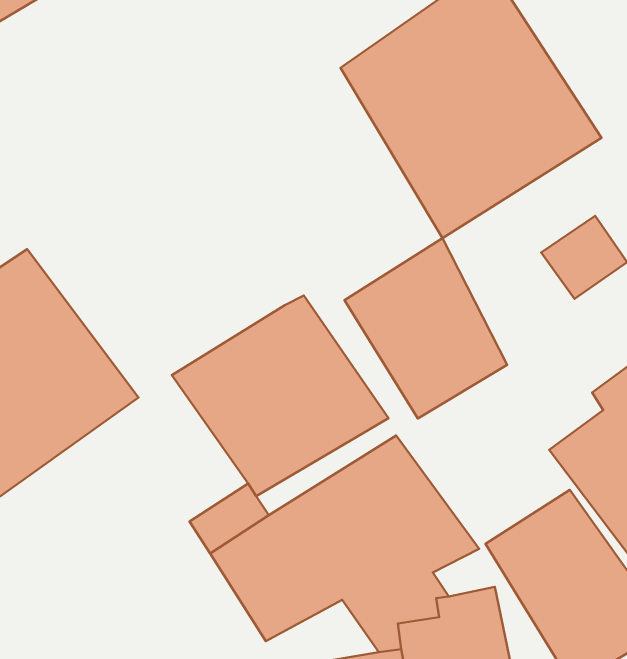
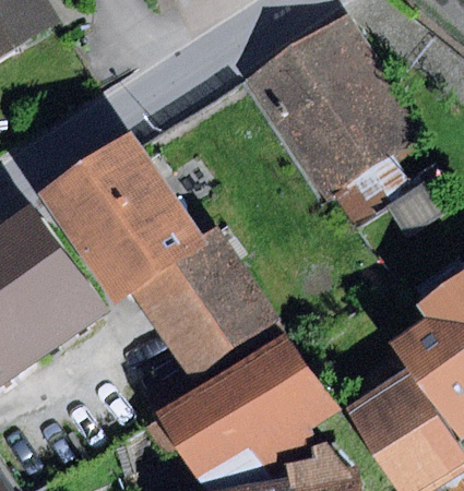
building: none -> [36,132,207,302]
building: [345,238,507,419] -> none

